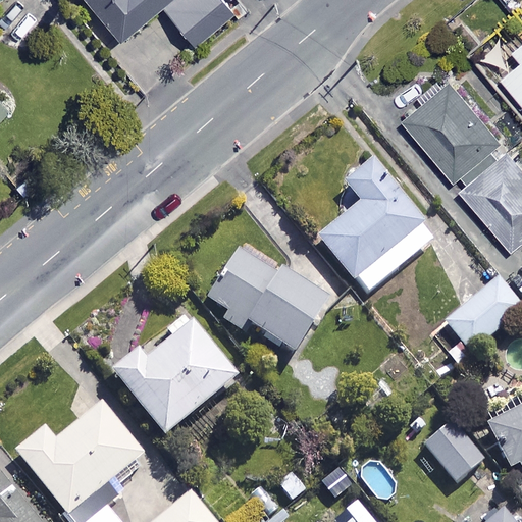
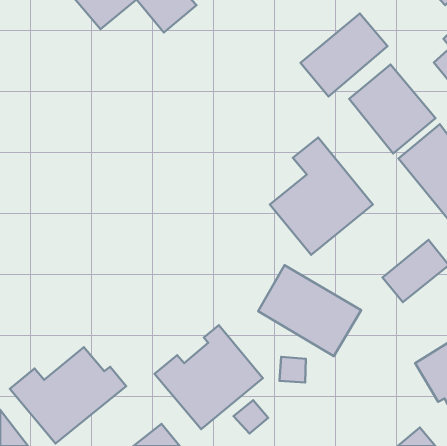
building: none -> [300,13,387,97]
building: [205,249,324,354] -> [258,265,361,356]
building: [109,315,234,435] -> [154,325,263,429]
building: [425,422,484,482] -> none

